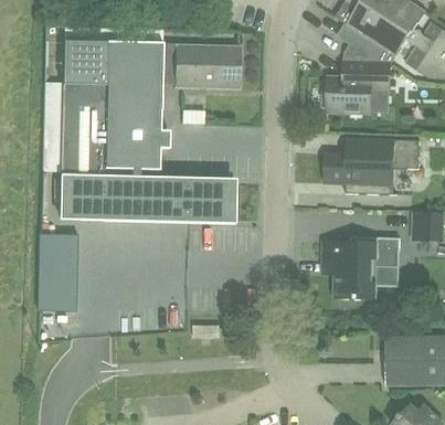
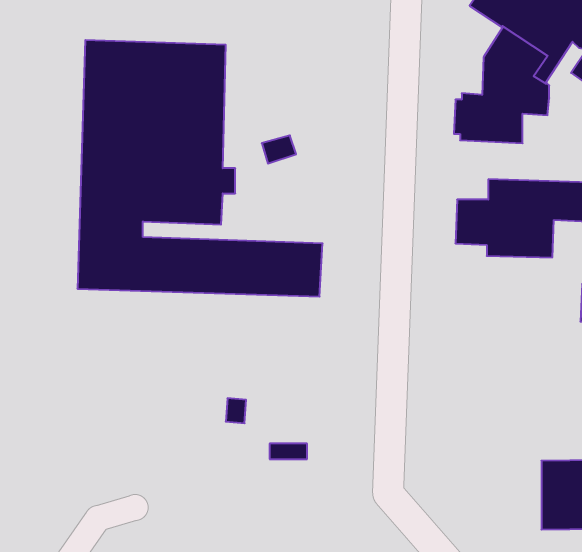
building: [173,43,240,88] -> none
building: [36,232,72,310] -> none
building: [321,236,399,299] -> none

